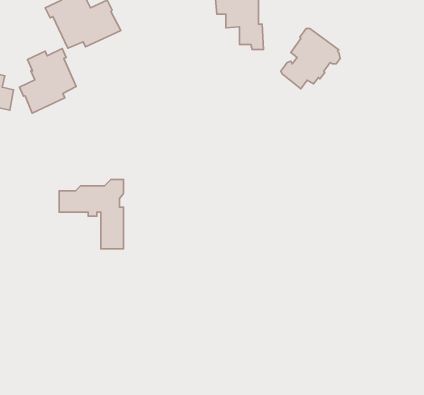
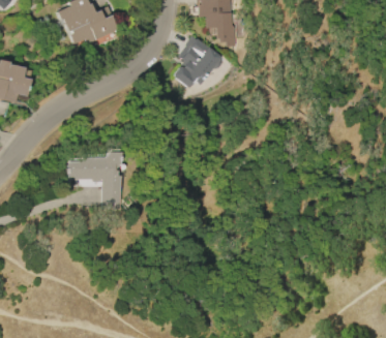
building: [281,28,340,89] -> [173,38,221,88]
building: [20,49,76,113] -> none

